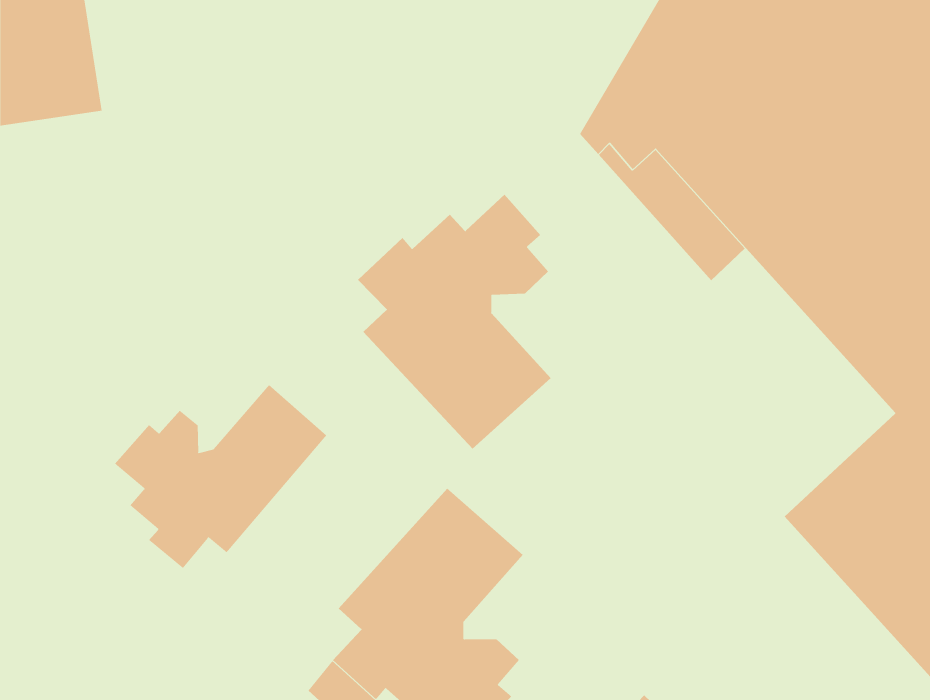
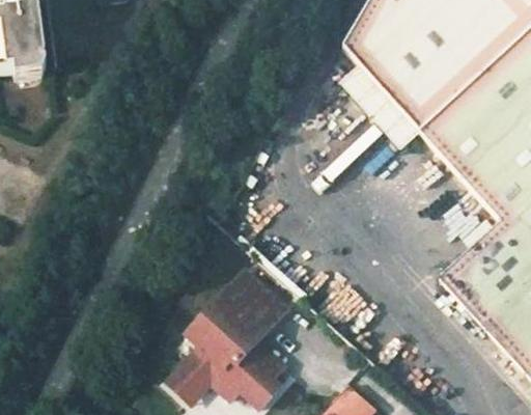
building: [357,194,552,450] -> none
building: [114,384,327,569] -> none

